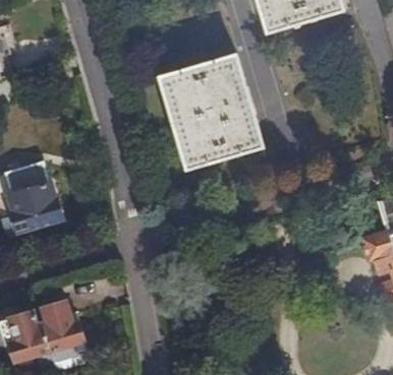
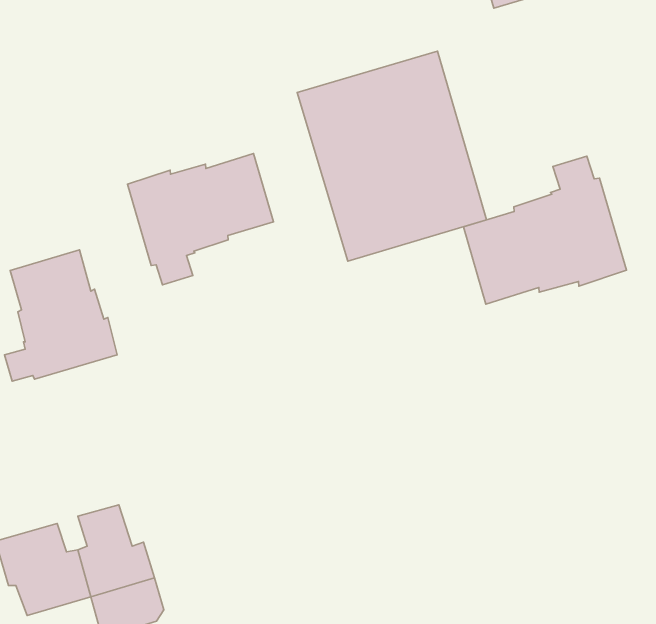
building: none -> [127,154,273,285]
building: none -> [463,156,626,304]

